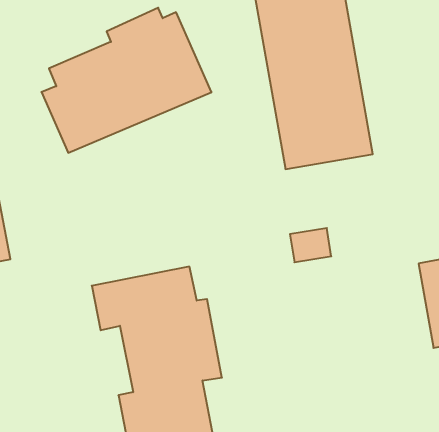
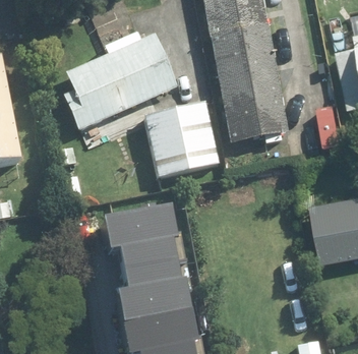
building: none -> [142,102,220,176]

